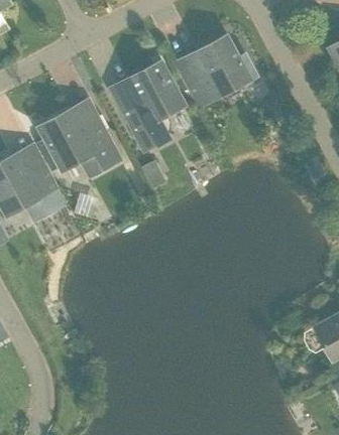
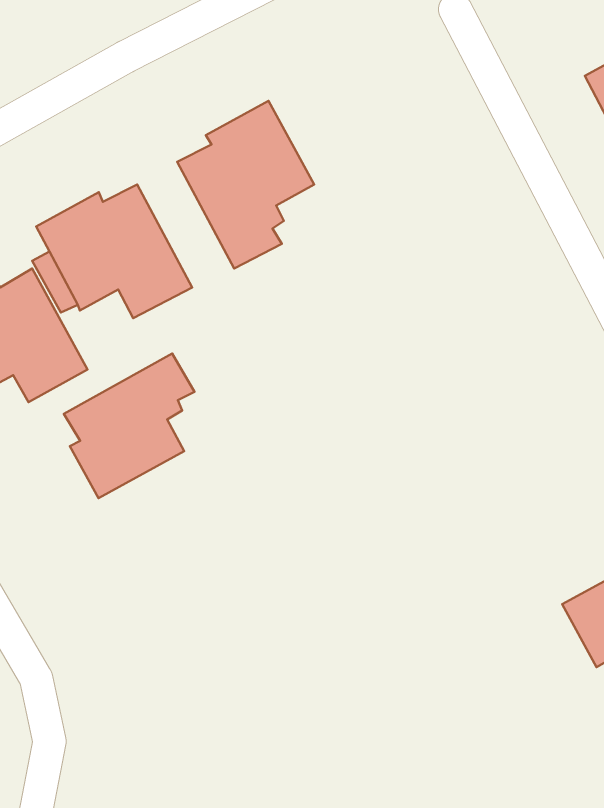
building: [178,34,256,106] -> none
building: none -> [64,354,195,498]

